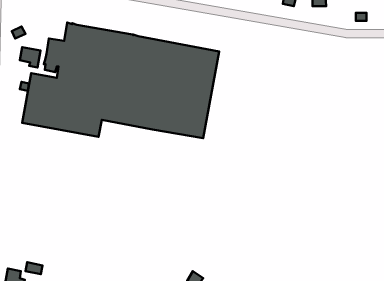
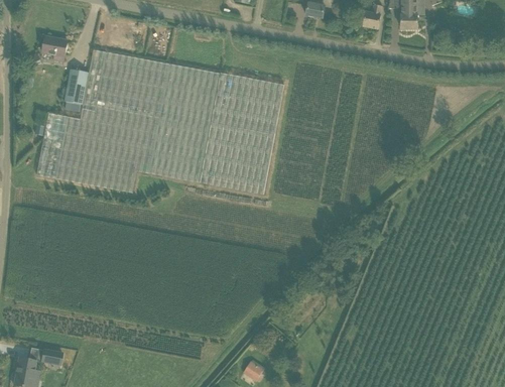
building: [20,47,41,67] -> [41,35,68,60]

